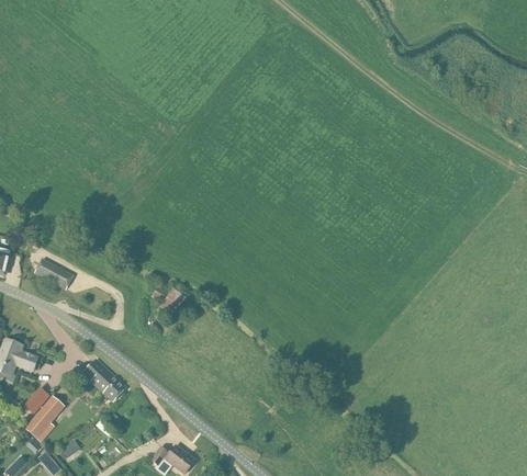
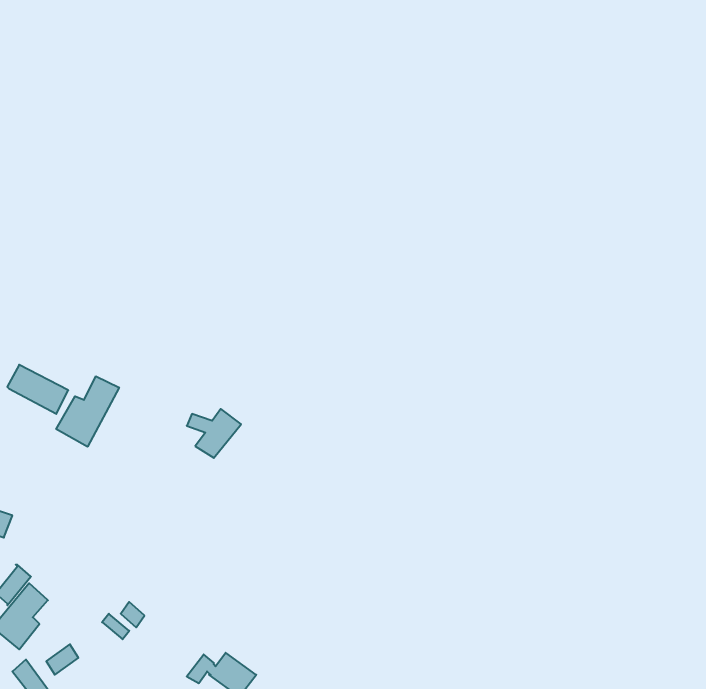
building: none -> [56,376,119,447]
building: [82,358,126,400] -> none

